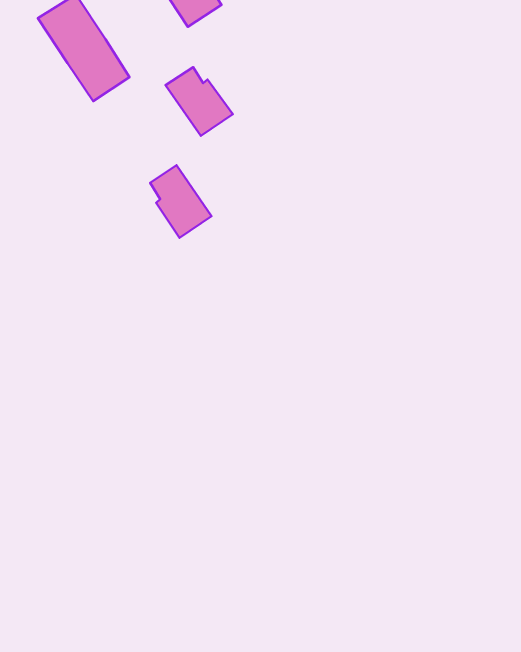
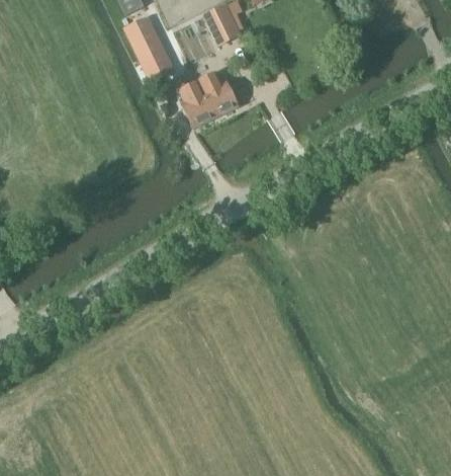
building: [150,165,212,238] -> [179,79,215,126]

